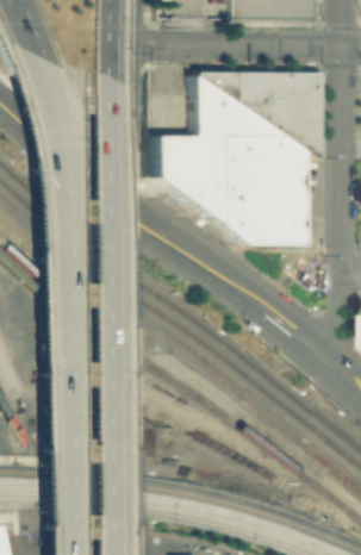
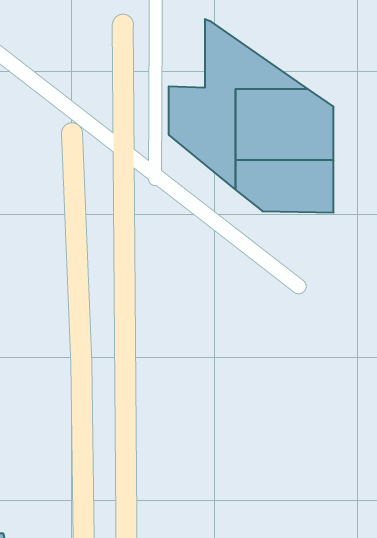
building: [199,69,324,158] -> none

